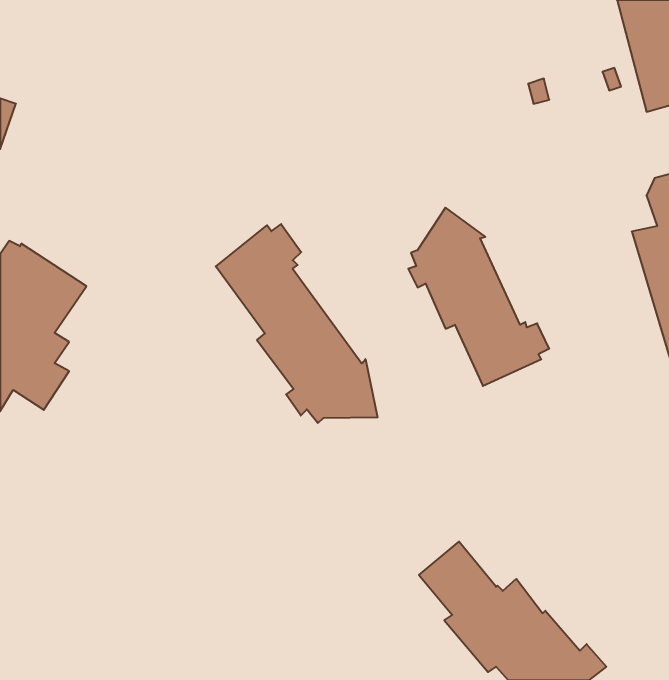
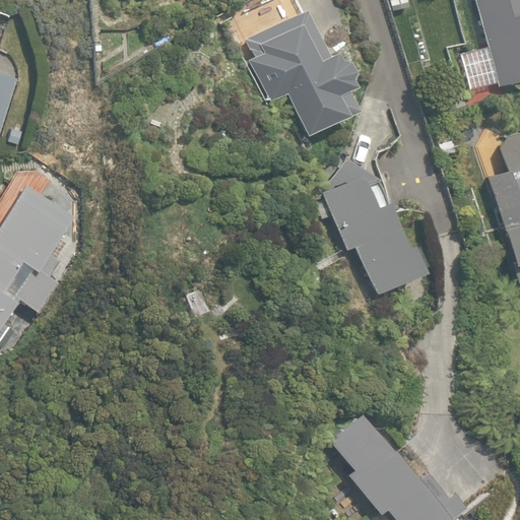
building: none -> [247,11,354,138]
building: [216,224,378,423] -> none

